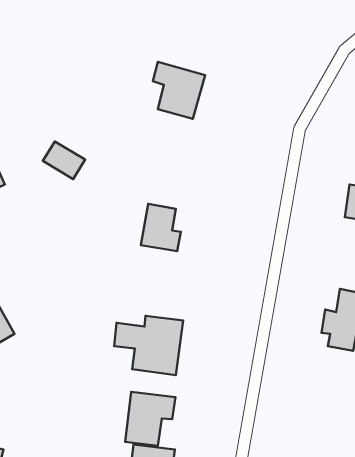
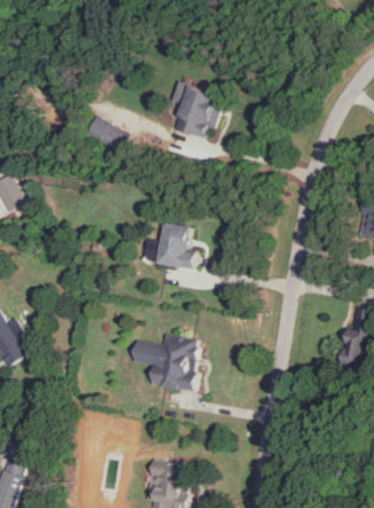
building: [43,141,85,179] -> [84,116,126,153]
building: [125,392,175,446] -> none

